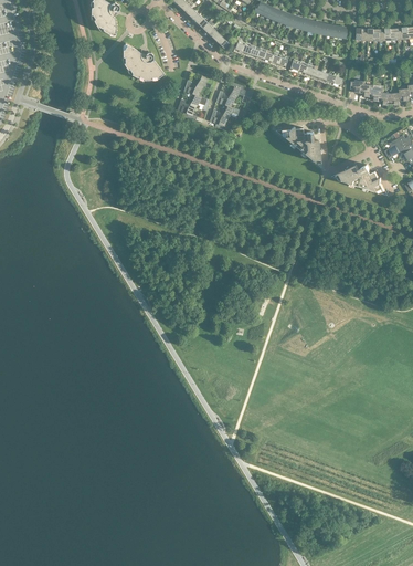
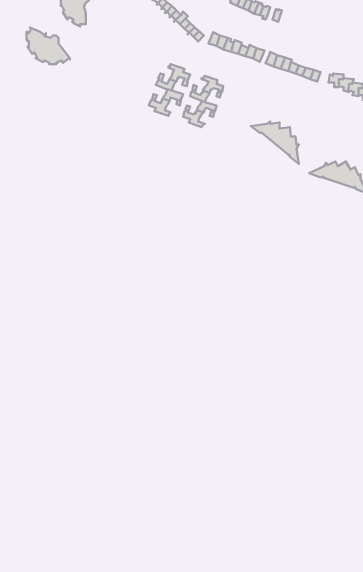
building: [119,43,161,78] -> [26,27,70,64]

